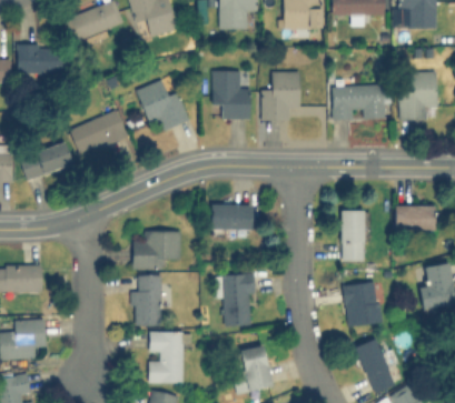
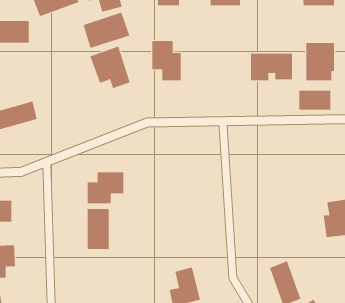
building: [263,72,299,120] -> none
building: [70,110,128,154] -> [83,12,130,48]
building: [211,204,253,231] -> none
building: [396,206,436,231] -> [298,90,331,110]
building: [343,211,365,262] -> none
building: [217,275,254,325] -> none
building: [344,283,382,328] -> none
building: [149,332,191,383] -> none

